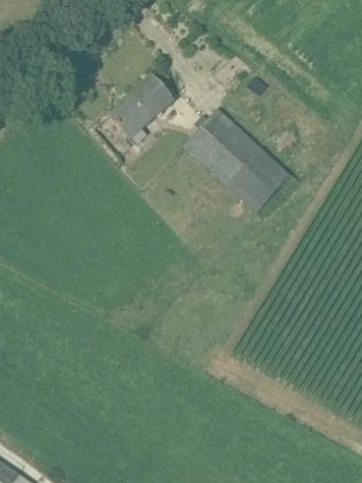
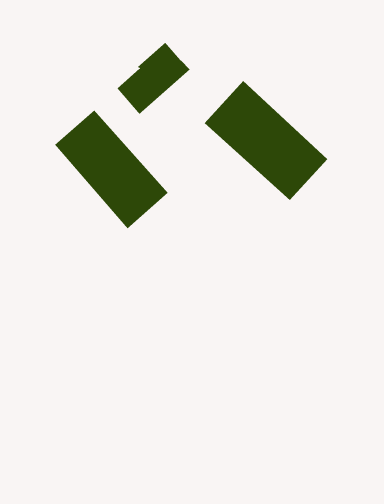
building: none -> [54,109,169,229]

